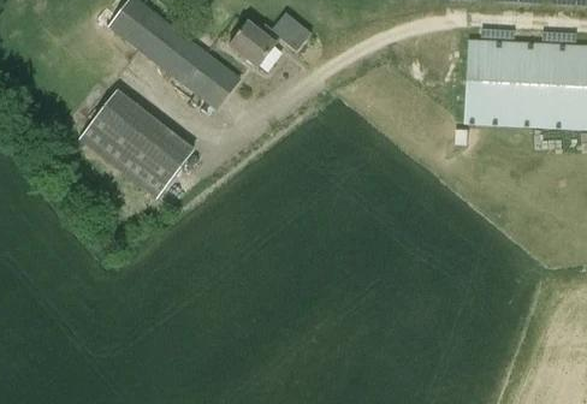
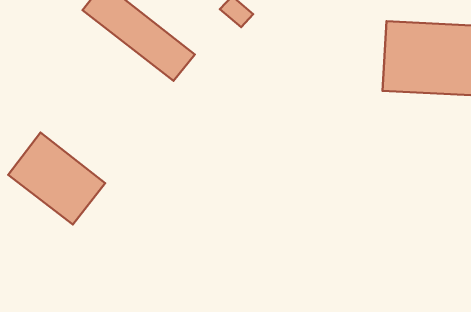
building: [229,22,275,69] -> none
building: [77,88,192,197] -> [8,133,105,225]

